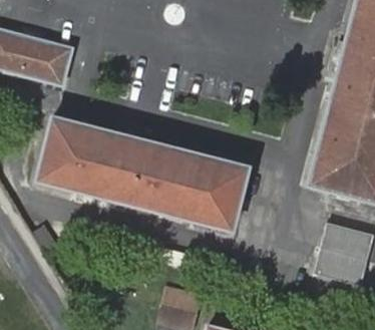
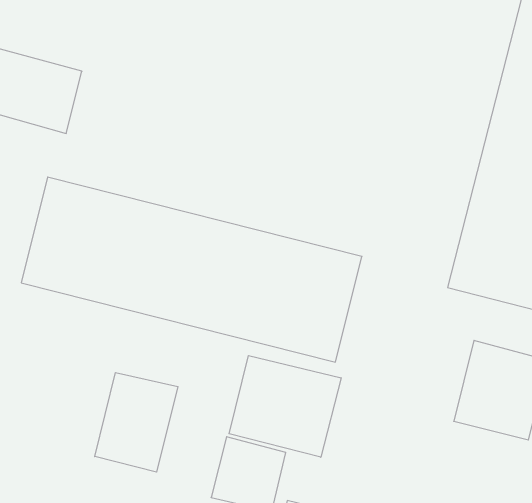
building: none -> [229,356,341,457]
building: none -> [95,373,178,472]

